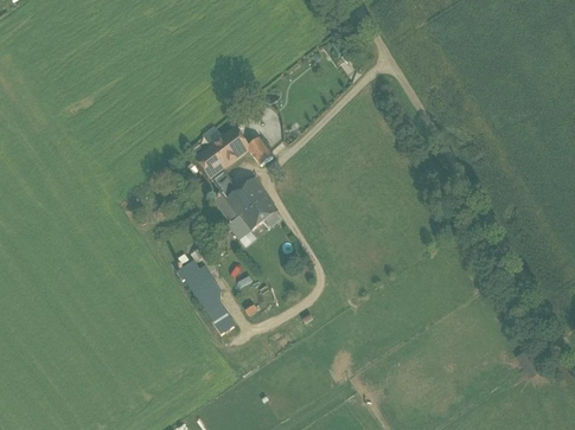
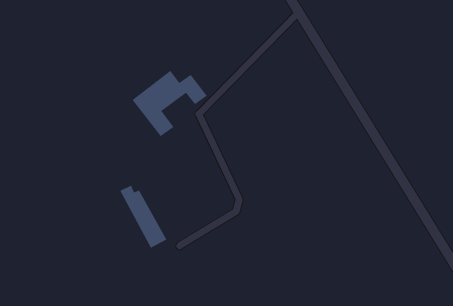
building: [230,181,277,230] -> none

